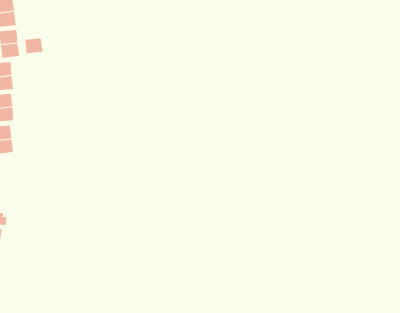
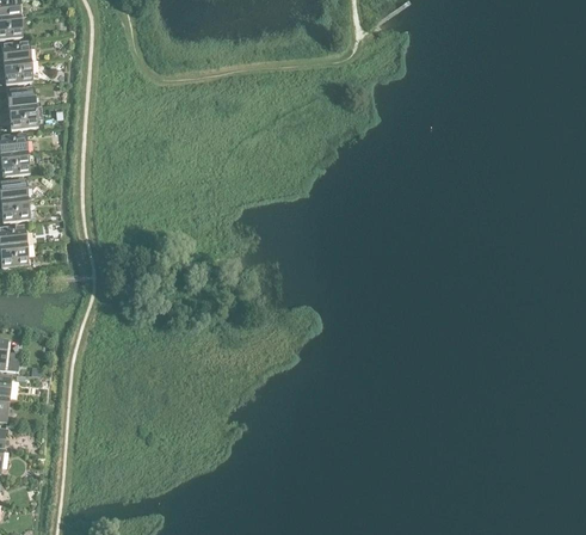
building: [25,38,43,54] -> none

